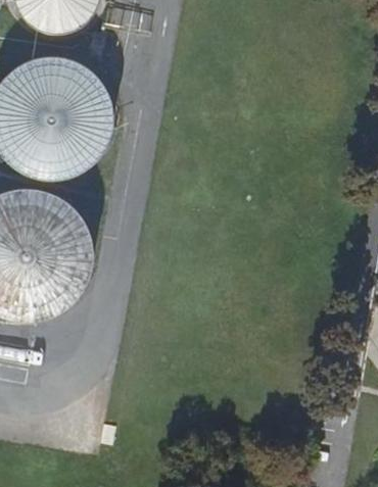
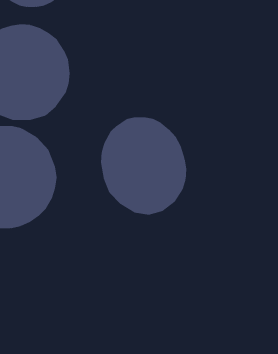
building: none -> [100,116,187,216]

